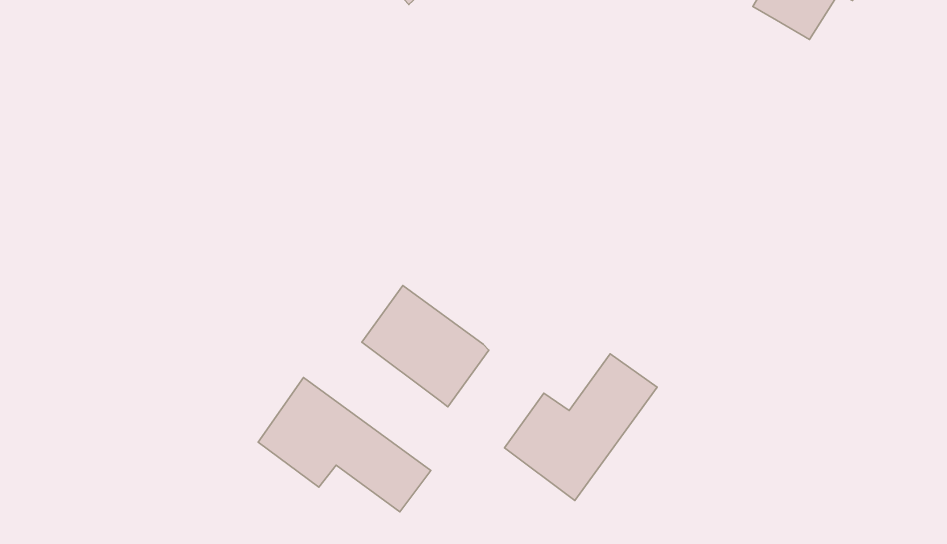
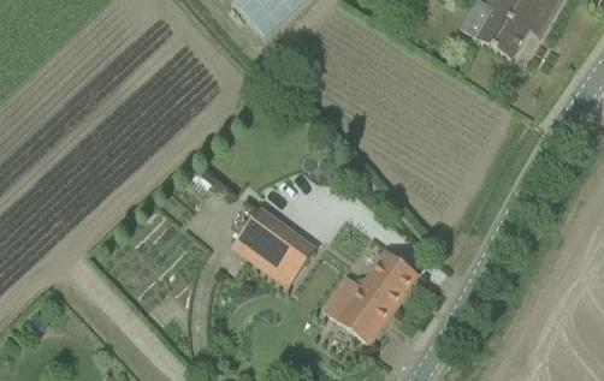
building: [258,377,431,512] -> none

